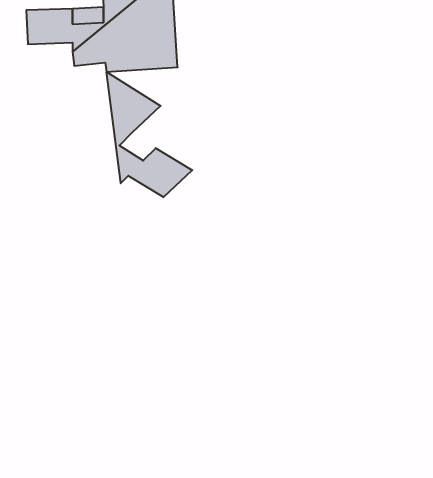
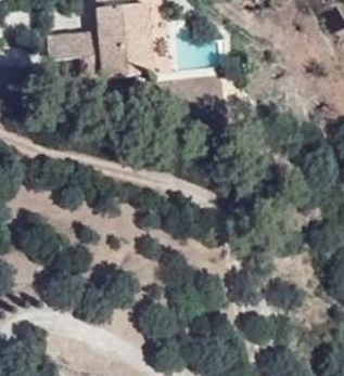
building: [107,72,192,197] -> none

